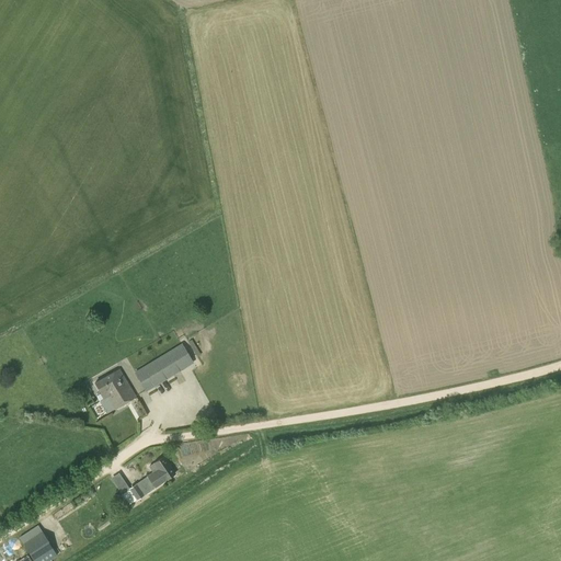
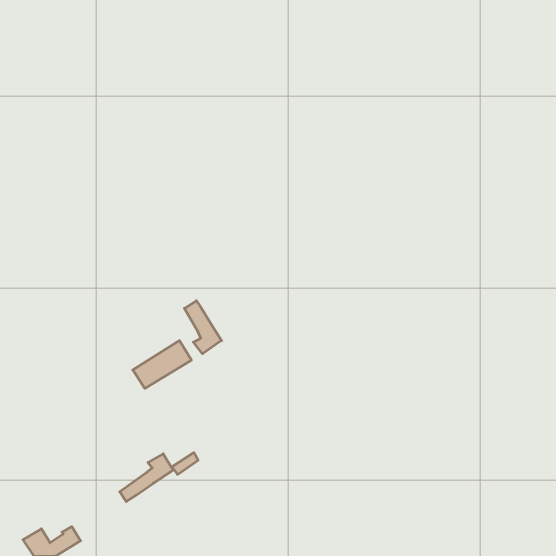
building: none -> [184,301,222,354]
building: [95,368,135,408] -> none

